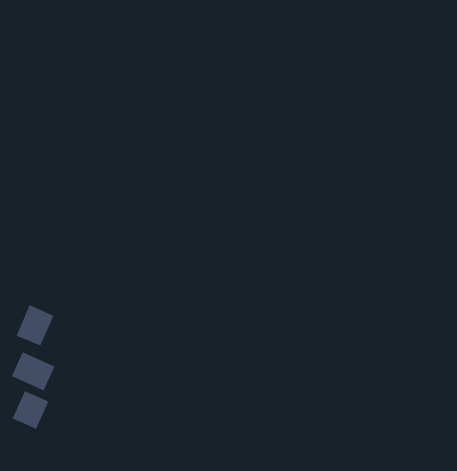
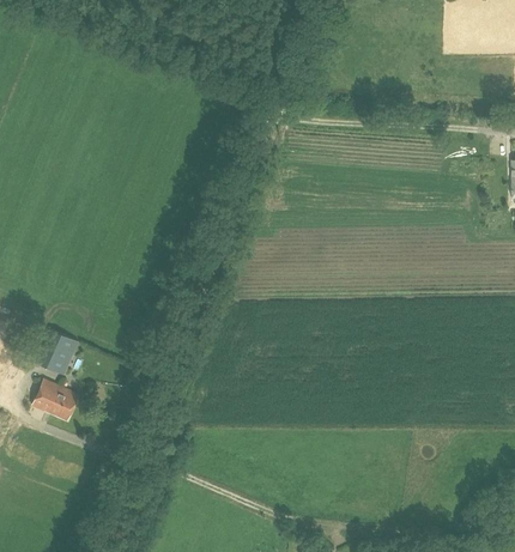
building: [12,390,49,430] -> none

